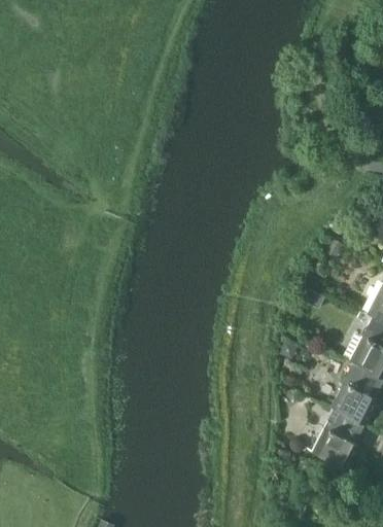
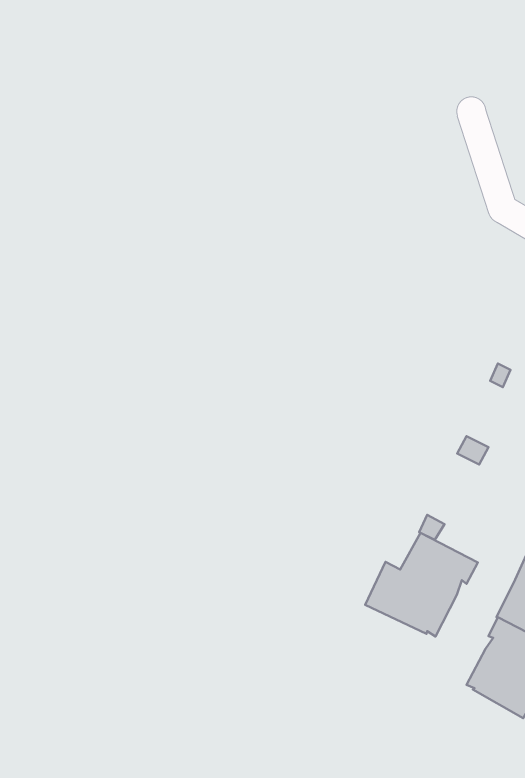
building: none -> [365,533,478,637]

